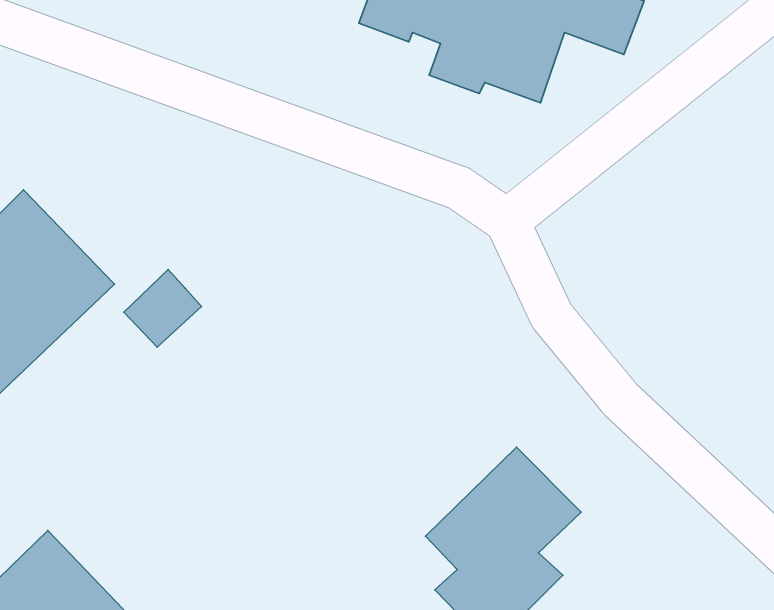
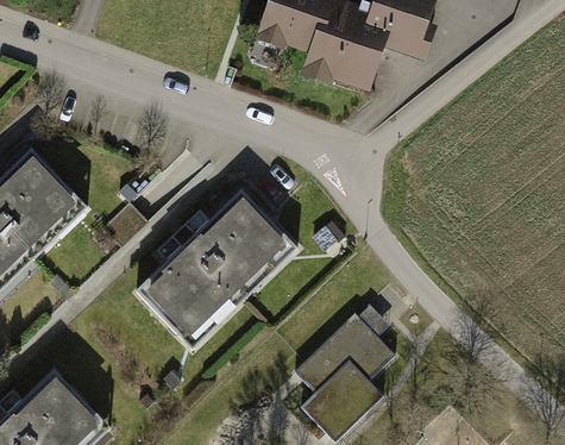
building: none -> [134,188,300,351]

